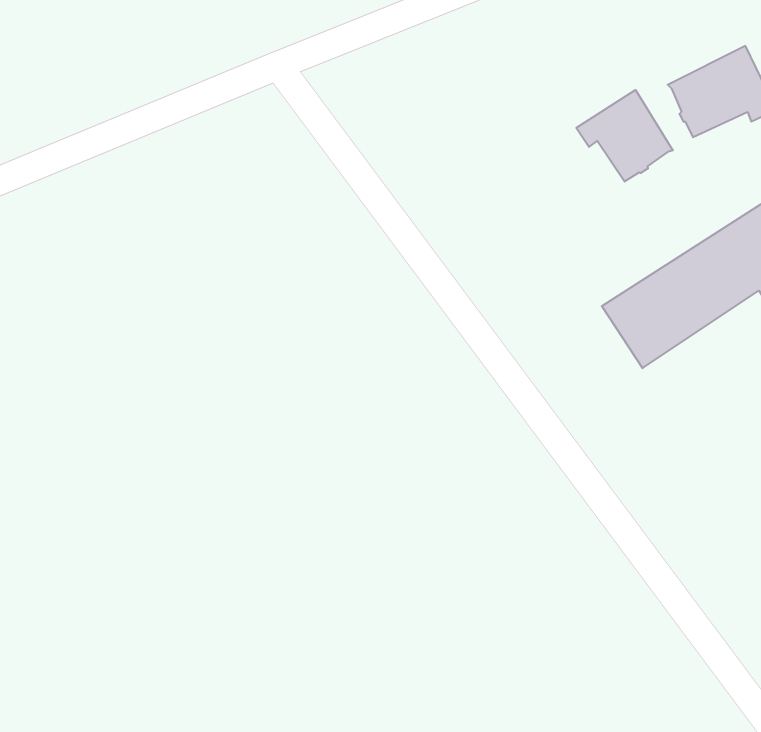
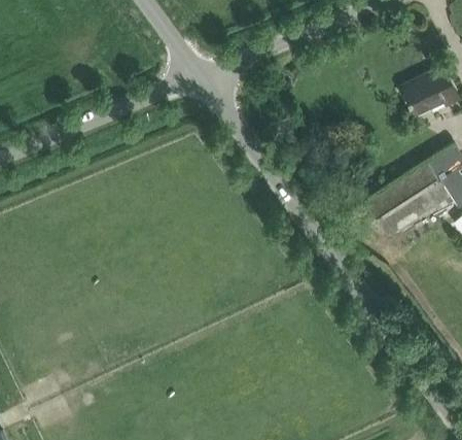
building: [576,90,673,182] -> none

